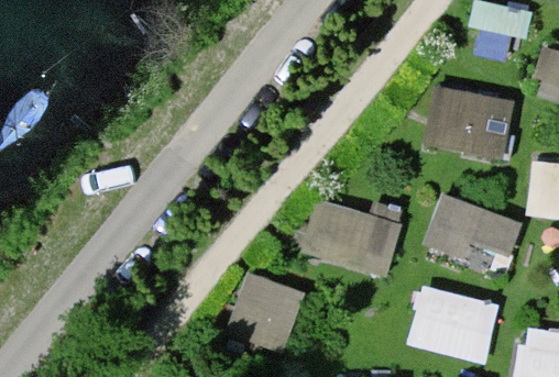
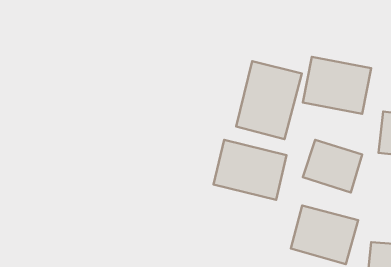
building: none -> [236,61,302,139]
building: [227,271,309,355] -> none

